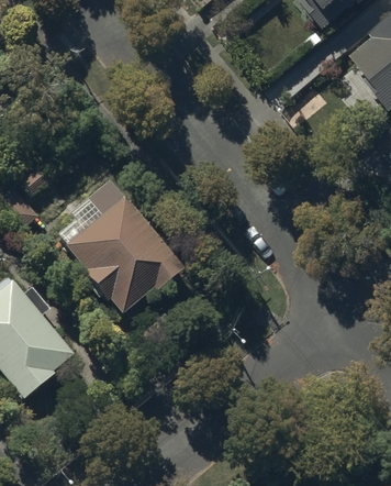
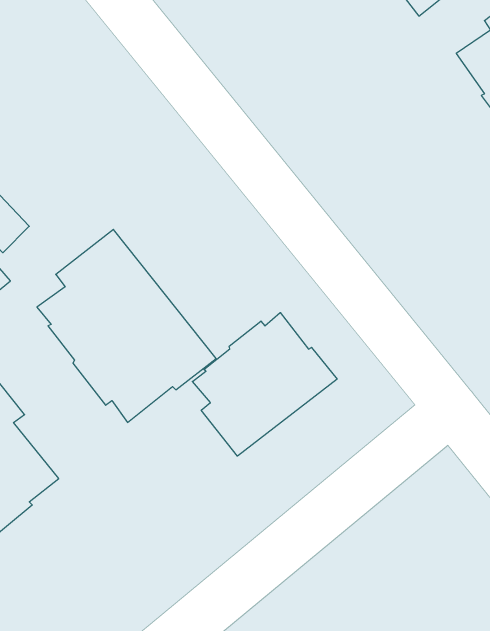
building: none -> [192,313,337,456]

